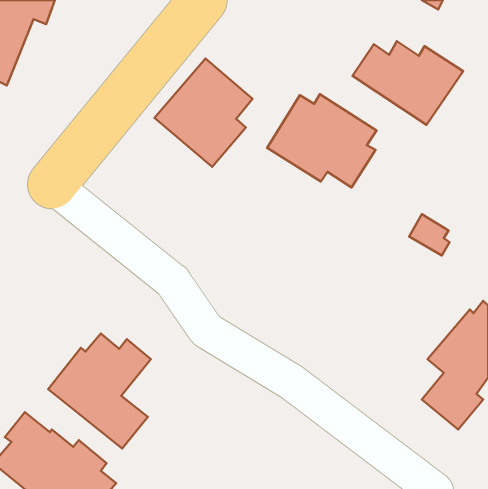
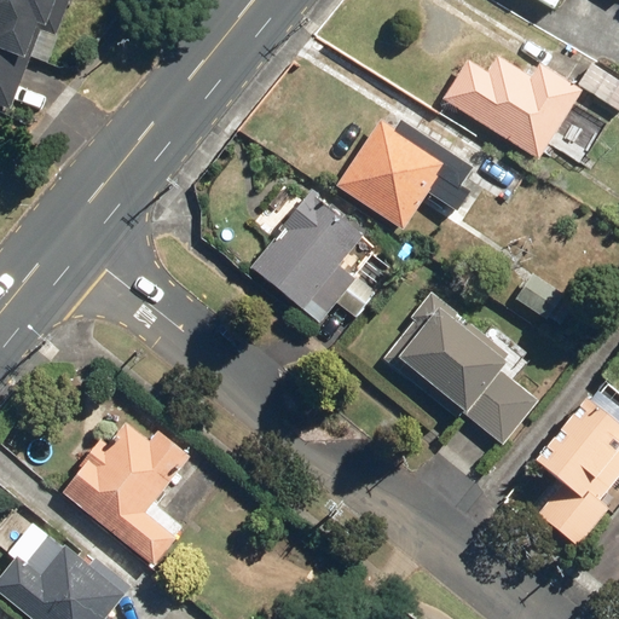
building: [154,58,252,167] -> [245,190,369,326]
building: none -> [383,291,538,446]

